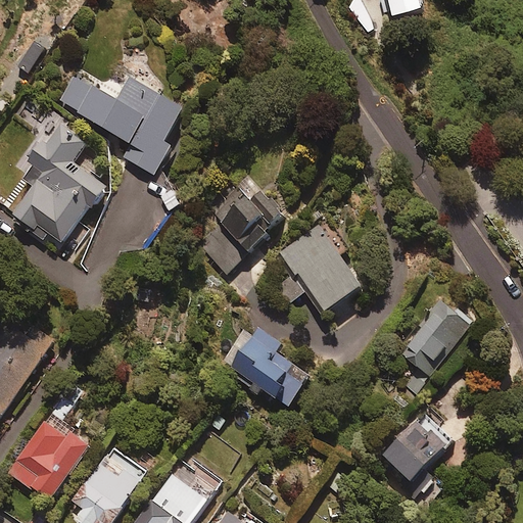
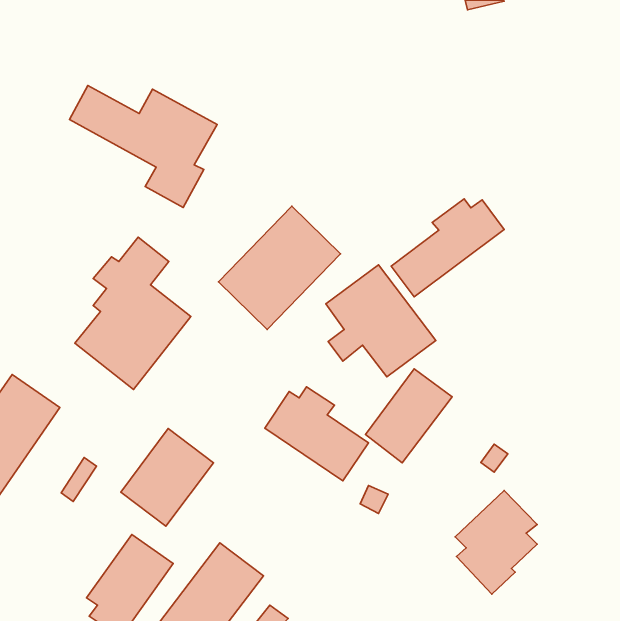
building: [8,121,105,248] -> [75,237,191,390]
building: none -> [391,199,504,297]
building: [398,299,471,378] -> [365,369,452,463]
building: [7,420,85,502] -> [121,429,213,526]

